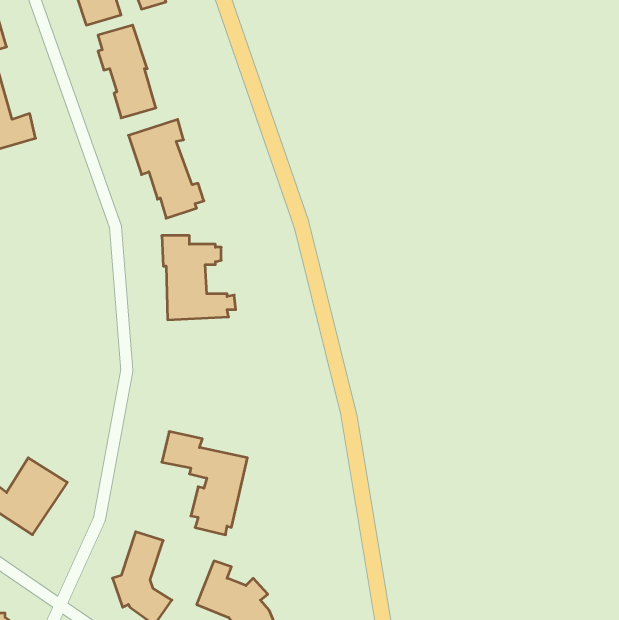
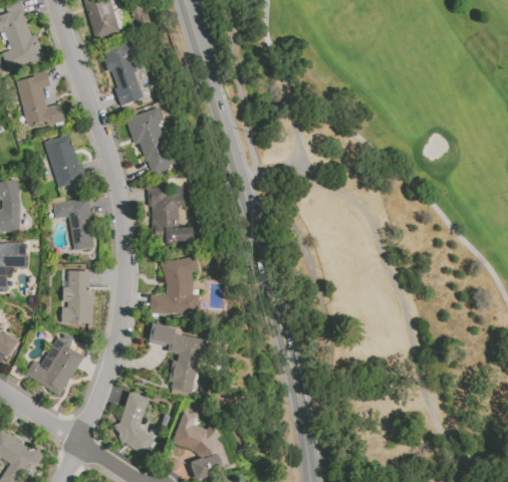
building: none -> [43,134,81,186]
building: none -> [52,198,94,251]
building: none -> [151,255,200,316]
building: none -> [59,269,89,322]

